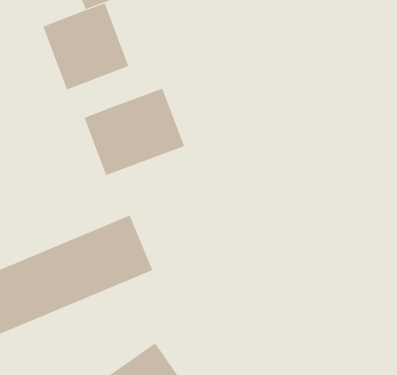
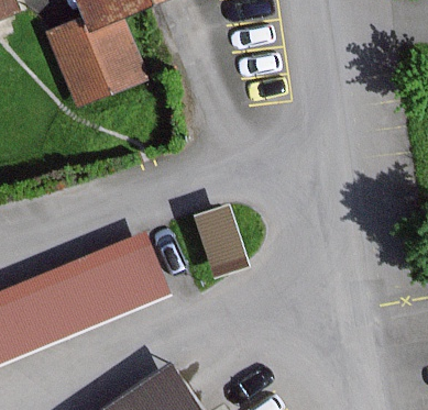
building: [84,88,185,176] -> none

